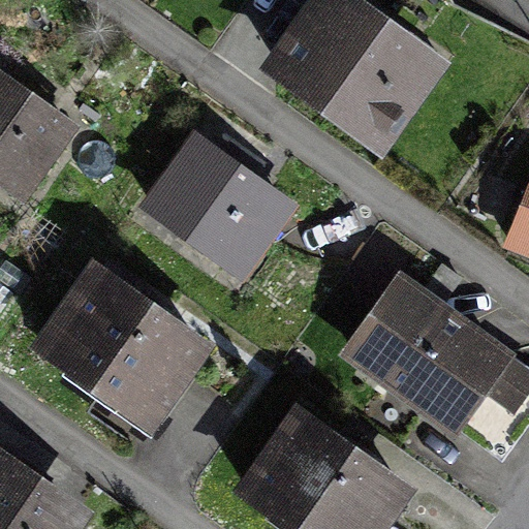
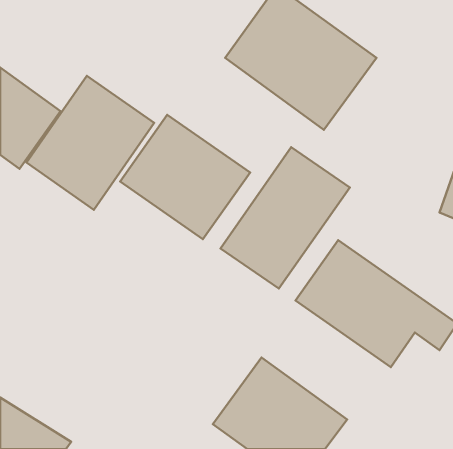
building: none -> [26,76,154,210]
building: none -> [220,147,350,289]
building: [44,273,207,428] -> none

